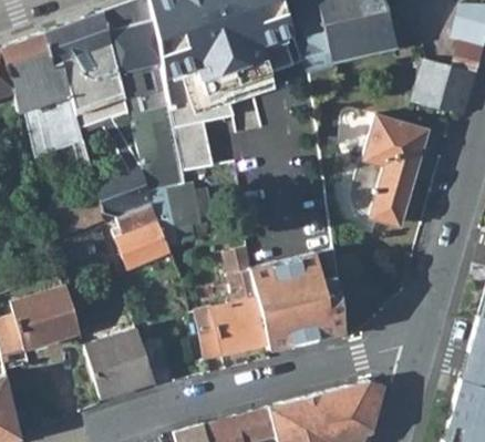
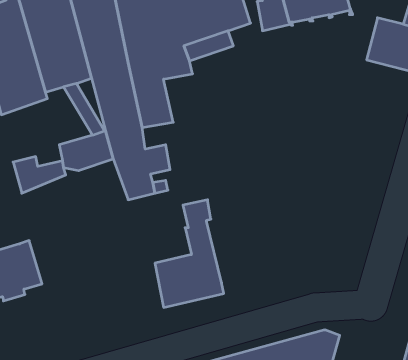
building: [350,114,427,225] -> none
building: [113,204,169,269] -> none
building: [248,248,342,349] -> none
building: [83,328,154,398] -> none

